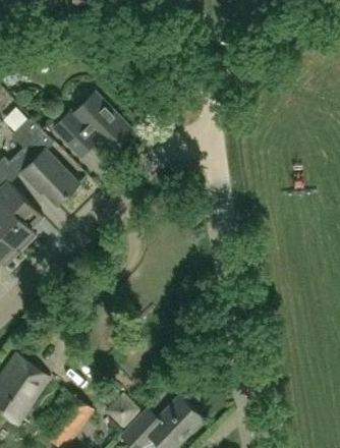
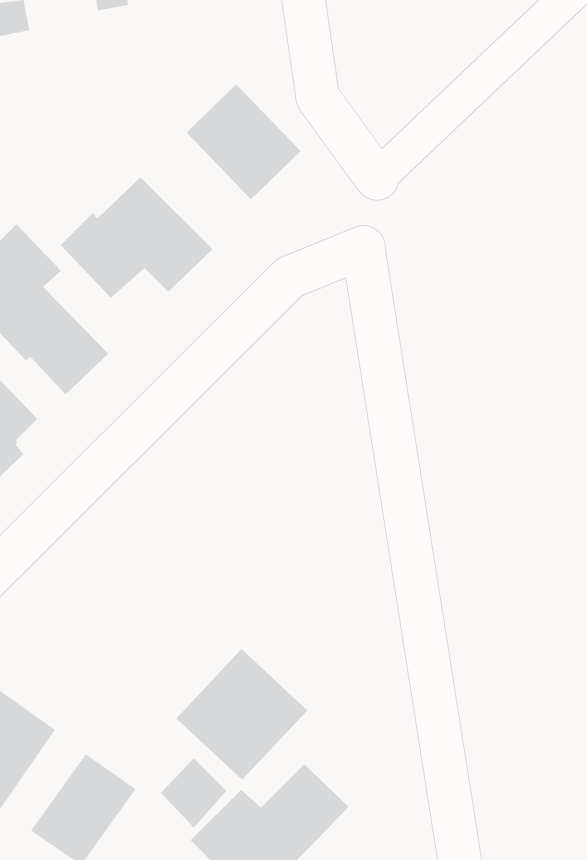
building: none -> [186,83,301,200]
building: none -> [175,648,308,781]

